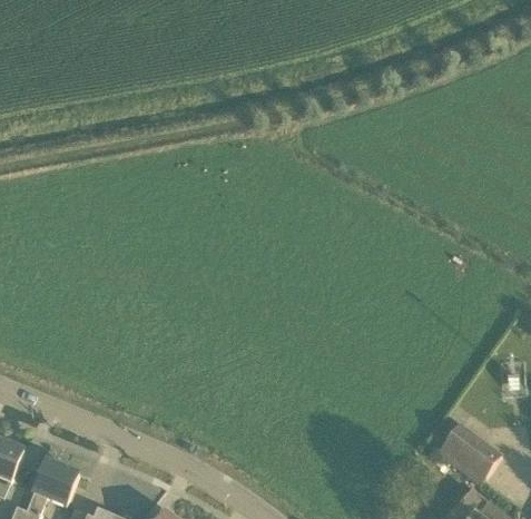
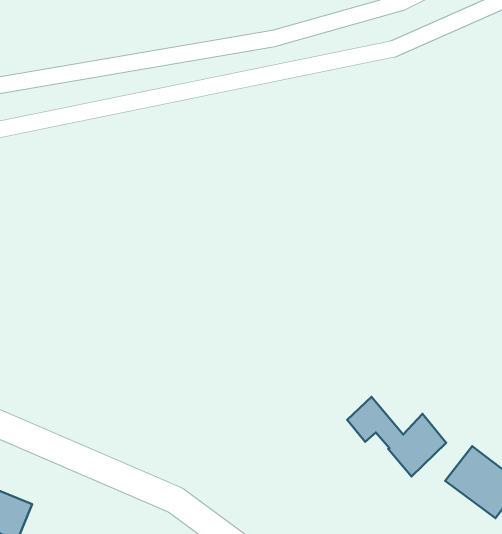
building: none -> [347,397,446,476]

